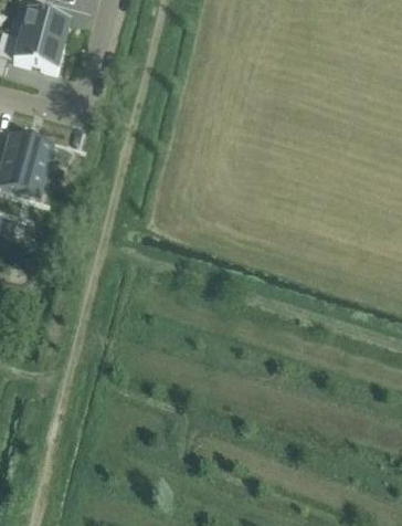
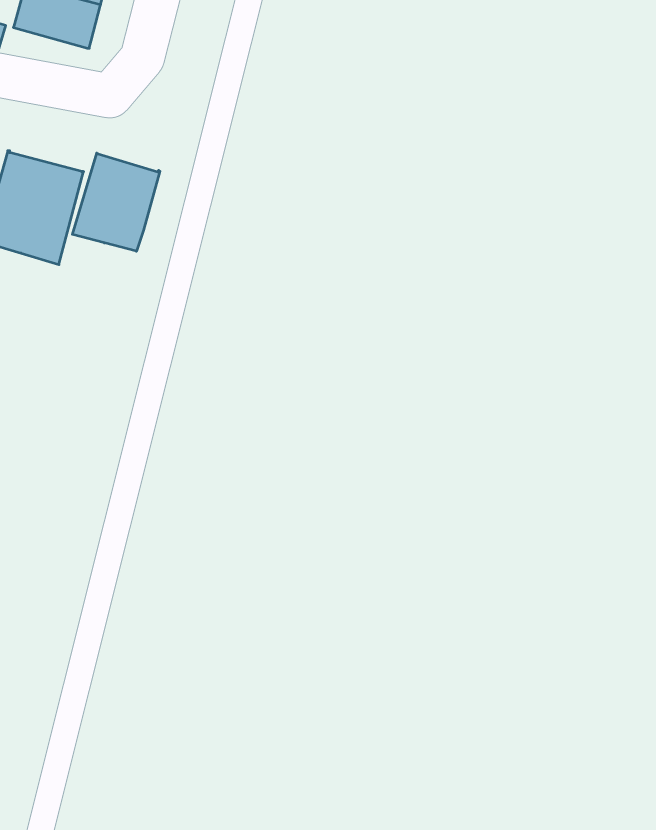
building: none -> [72,153,160,251]

